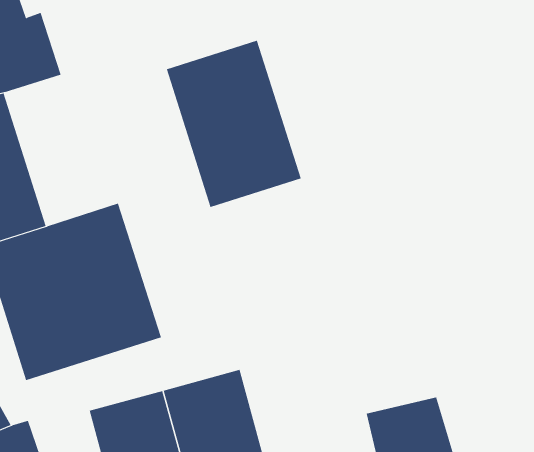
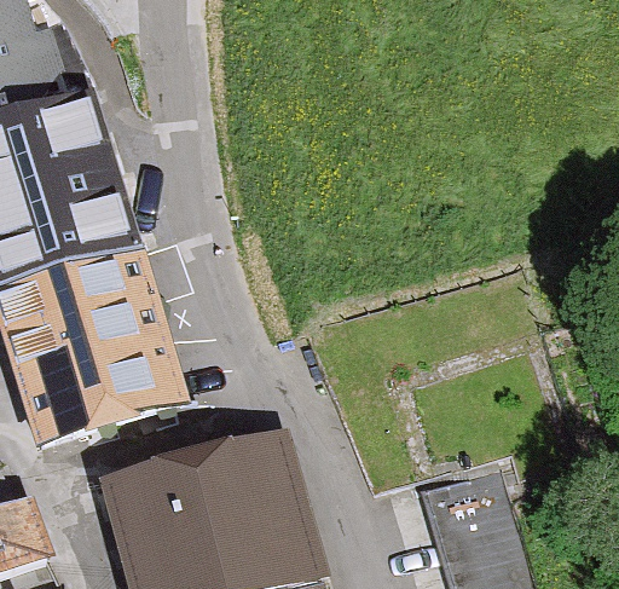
building: [166,40,301,208] -> none
building: none -> [6,94,137,272]

